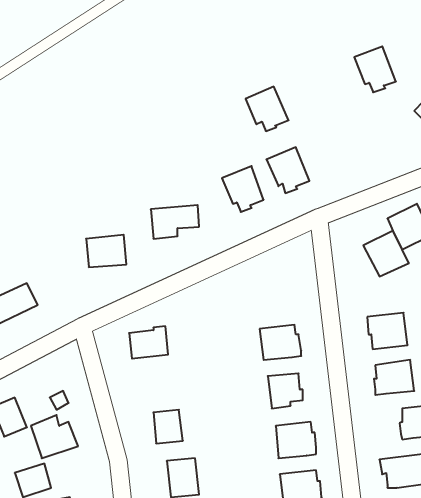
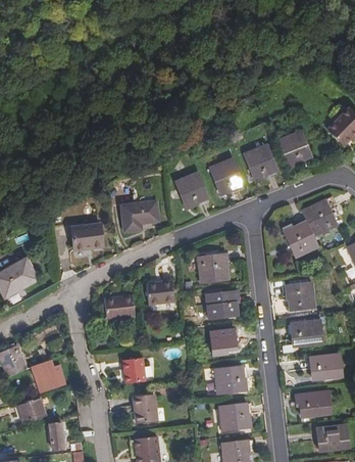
building: [354,46,396,92] -> [278,130,310,165]
building: [246,87,289,131] -> [244,144,276,178]
building: none -> [198,253,229,282]
building: none -> [146,280,174,304]

